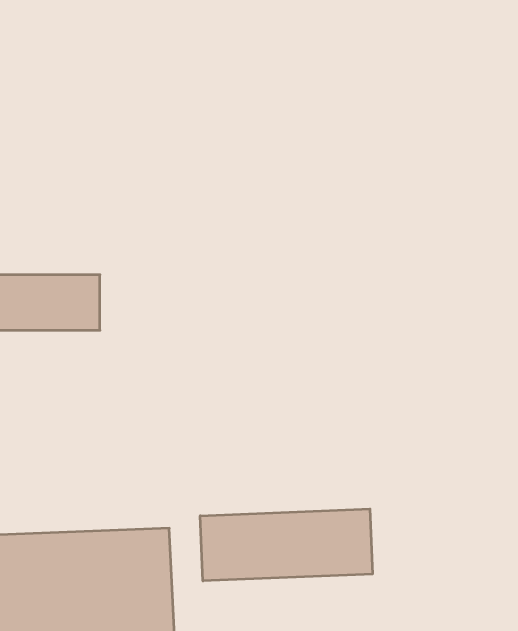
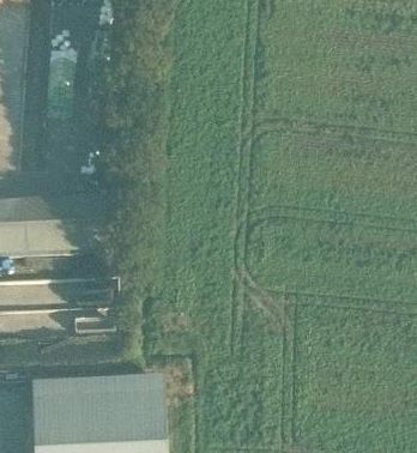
building: [200,509,372,581] -> none

